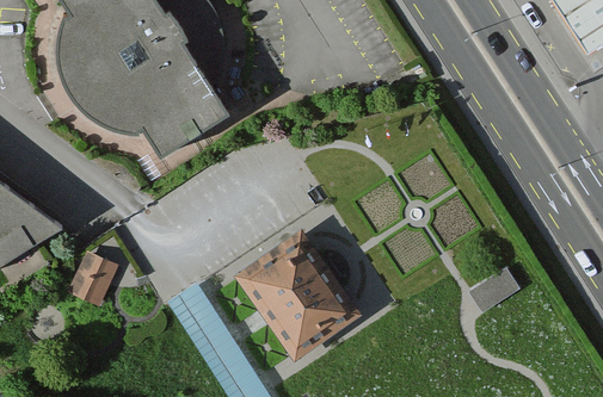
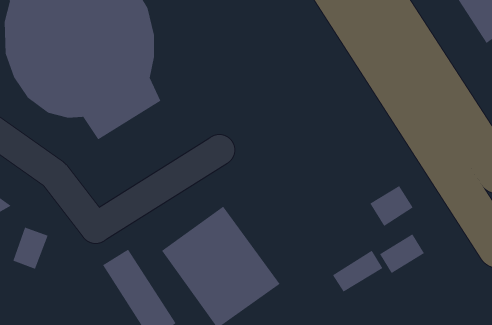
building: none -> [369,185,413,227]
building: none -> [332,250,383,293]

